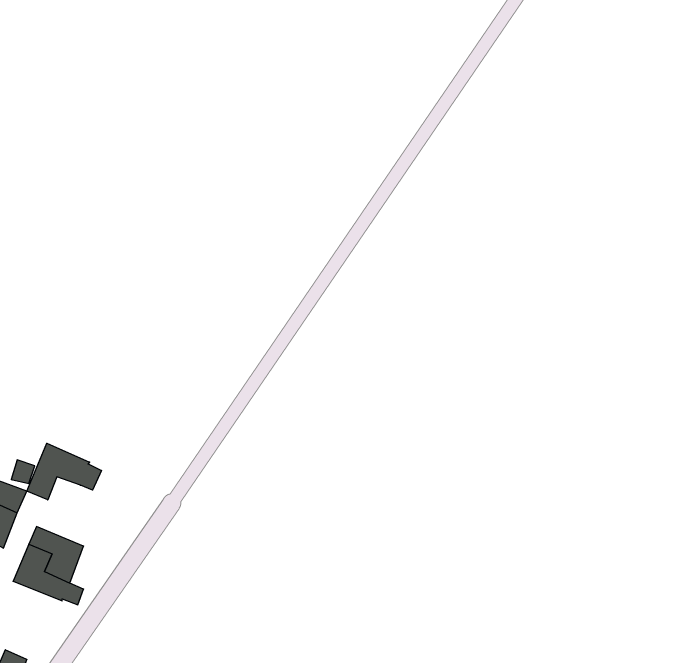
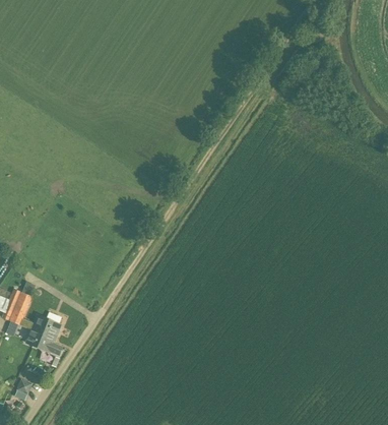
building: [27,443,101,500] -> none

